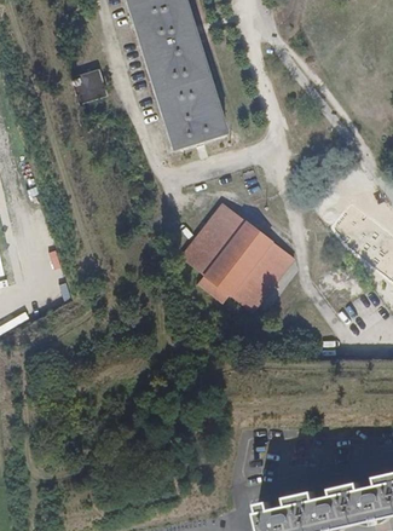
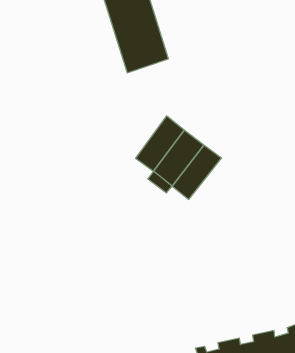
building: [75,69,106,102] -> none

